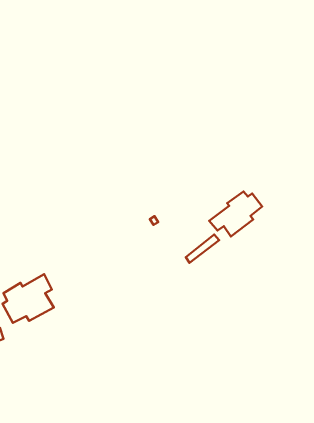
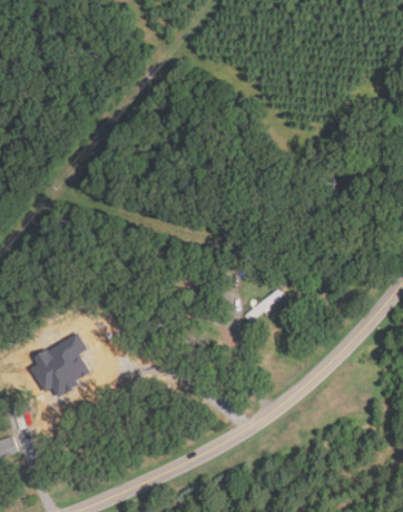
building: [209,192,262,237] -> none

